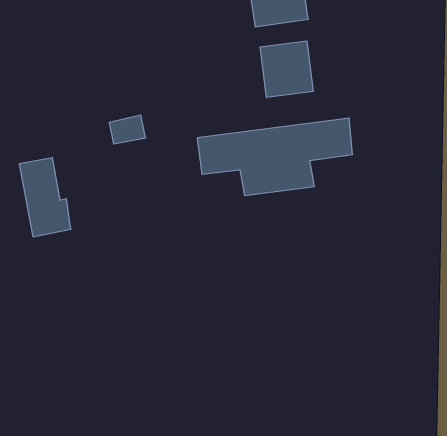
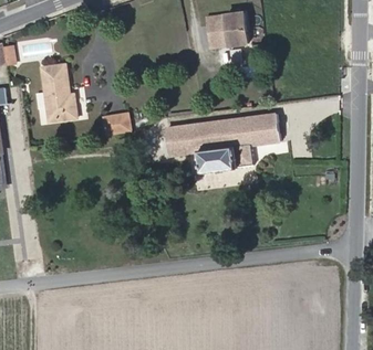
building: [260,41,313,98] -> none
building: [19,158,71,237] -> [35,65,73,123]

